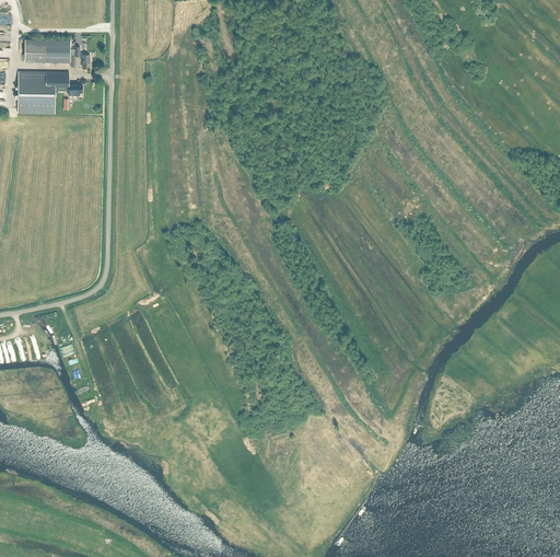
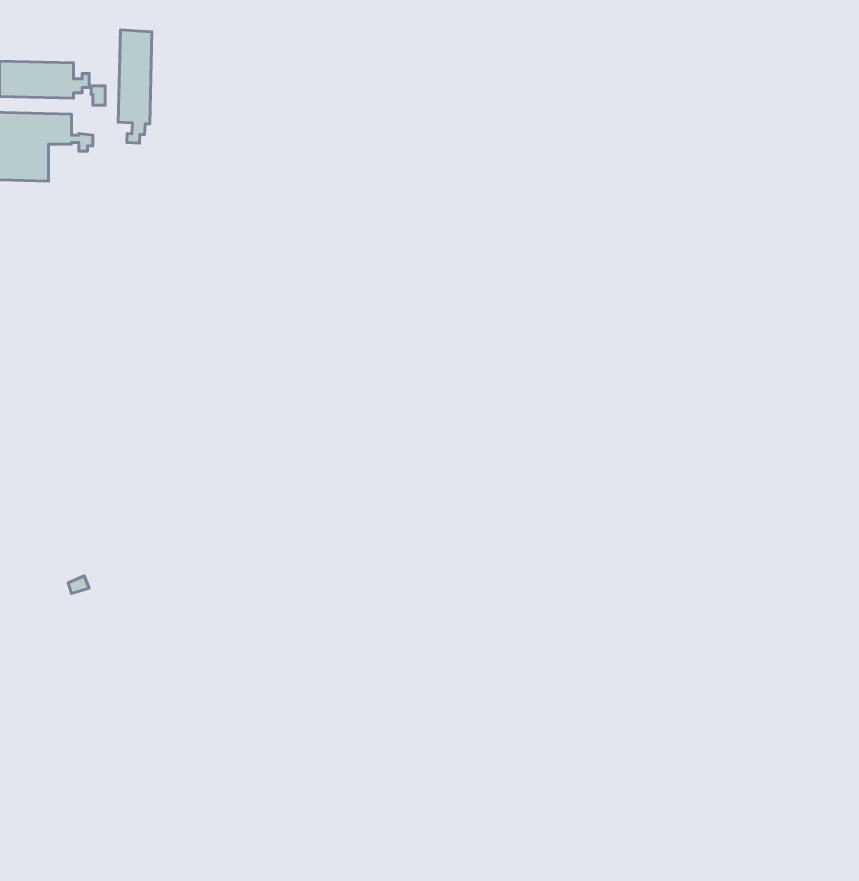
building: none -> [118,30,152,143]

